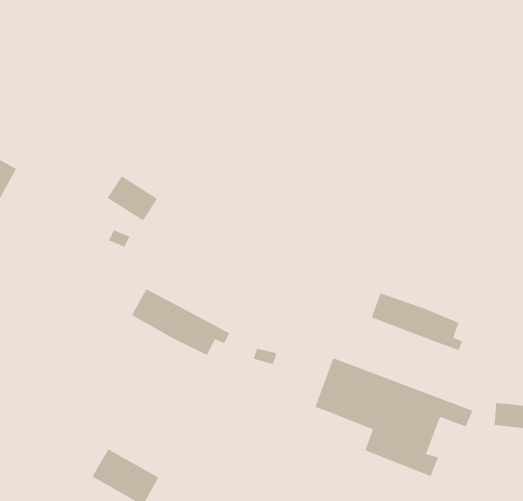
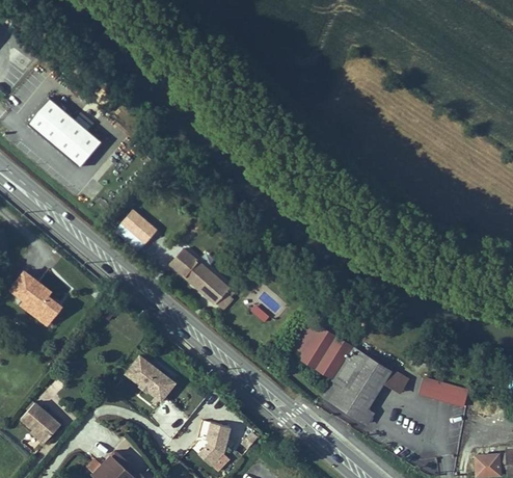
building: [107,176,158,221] -> [125,206,162,242]
building: [371,292,463,351] -> none

